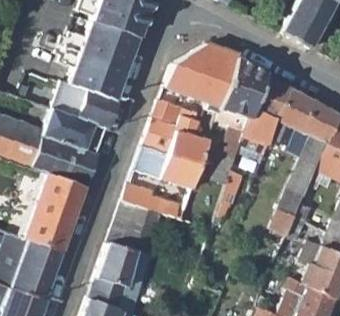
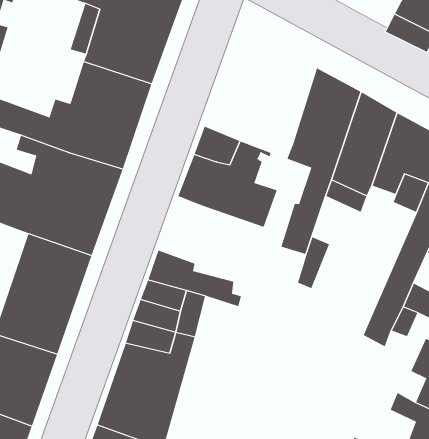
building: [166,42,239,110] -> none
building: [135,143,202,187] -> none

